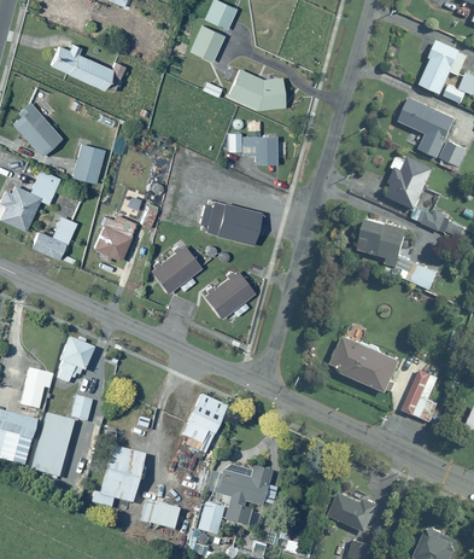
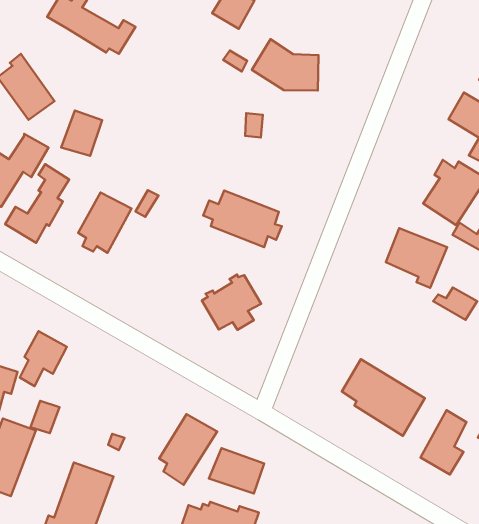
building: [242,135,277,164] -> none
building: [150,245,203,293] -> none
building: none -> [209,448,264,494]

